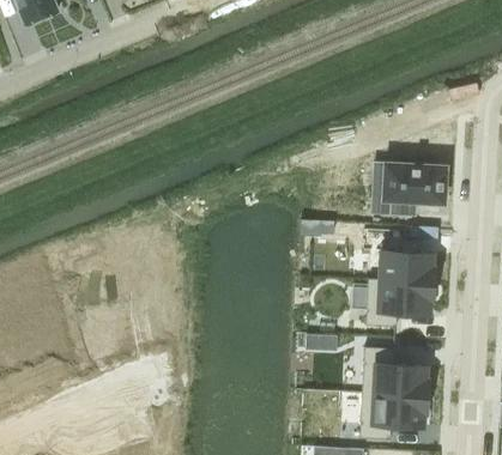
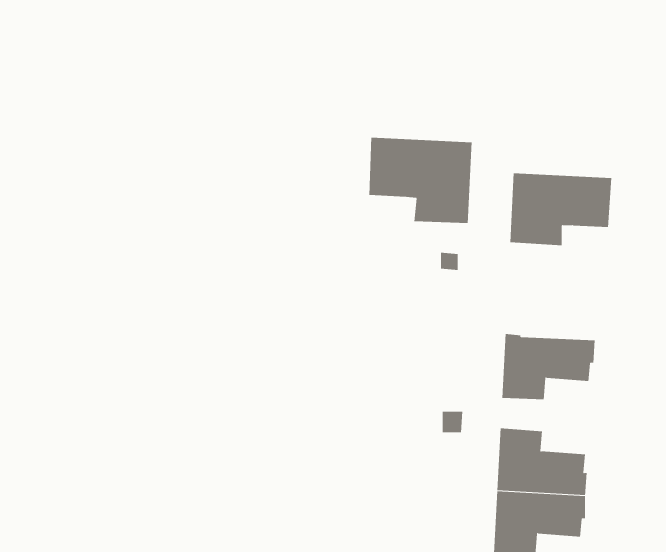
building: none -> [369,137,472,224]
building: [380,251,434,284] -> none

